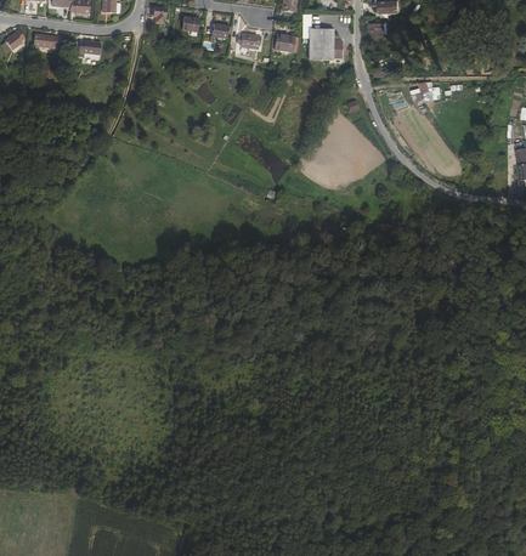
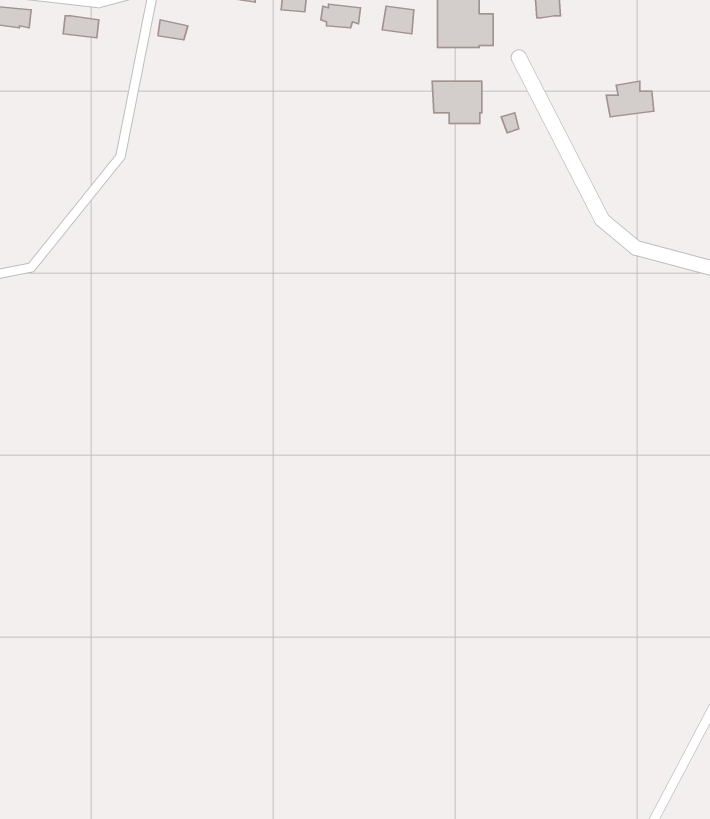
building: none -> [432,81,482,124]

